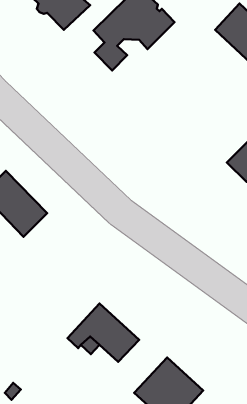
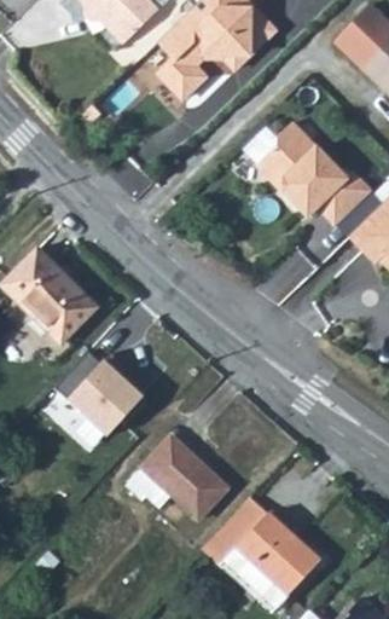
building: none -> [255,125,370,225]
building: none -> [63,348,134,436]
building: none -> [202,496,267,563]

